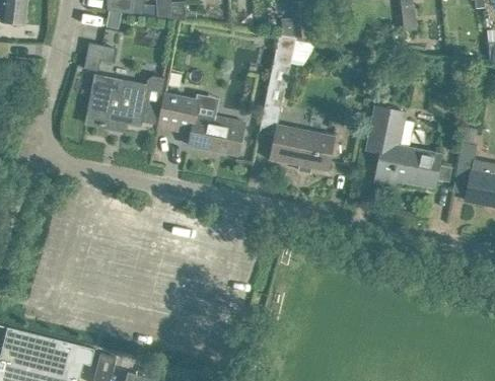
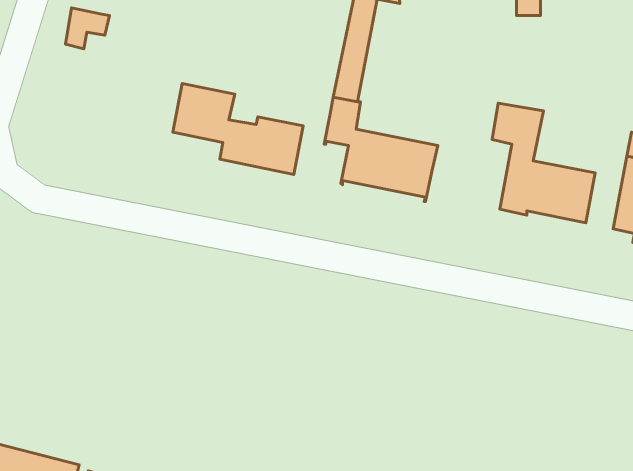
building: [86,74,164,127] -> none

